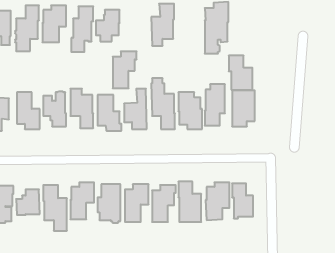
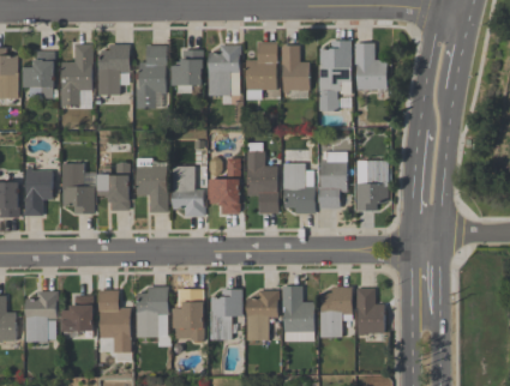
building: none -> [281,46,310,92]
building: [113,51,137,88] -> [209,46,241,96]
building: [229,56,252,90] -> [354,43,386,90]

